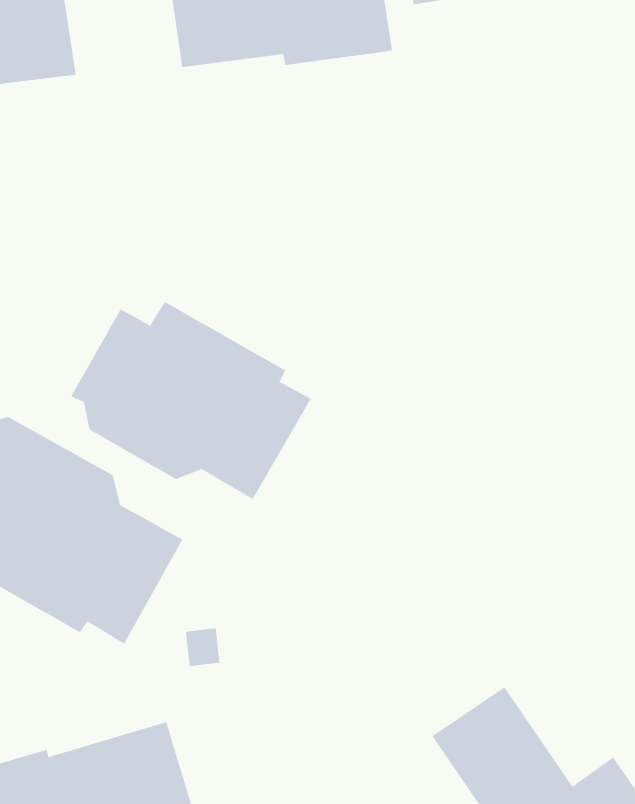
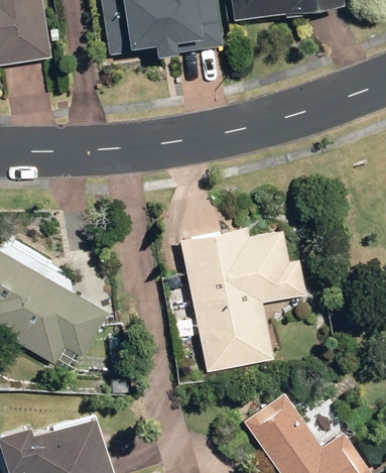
building: [71,301,311,500] -> none
building: none -> [180,227,306,373]

